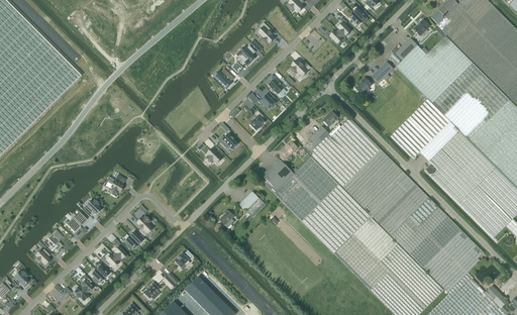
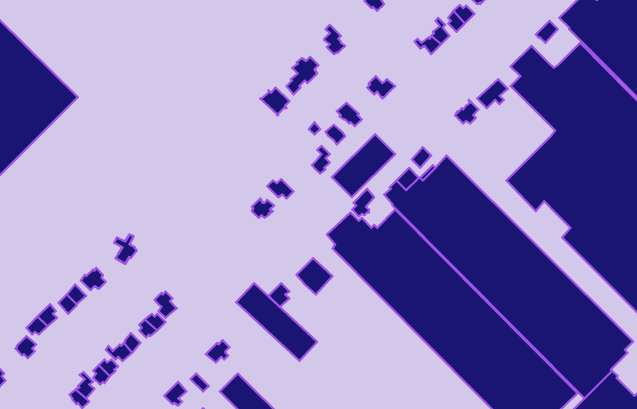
building: none -> [332,134,395,197]
building: none -> [236,283,317,361]

